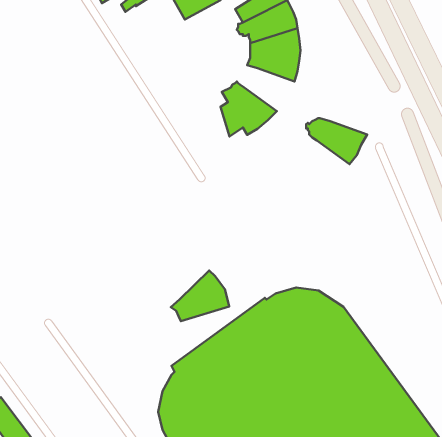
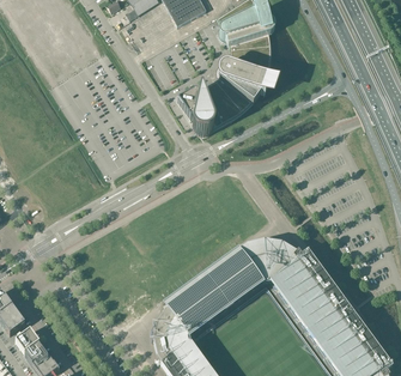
building: none -> [177,83,227,132]
building: [306,118,367,164] -> [217,61,266,98]
building: [171,270,229,321] -> none

